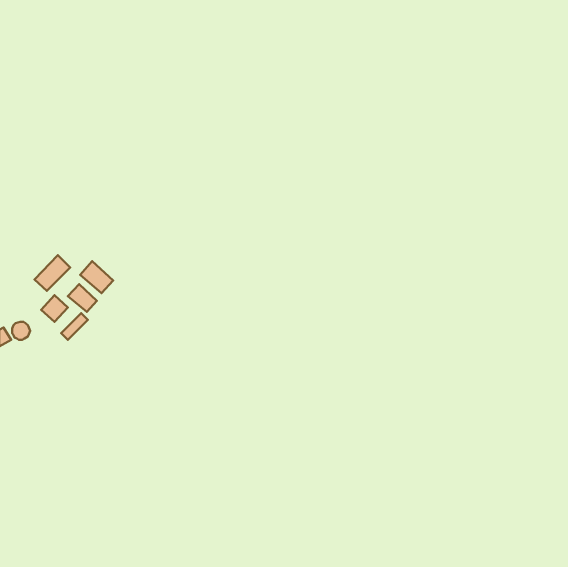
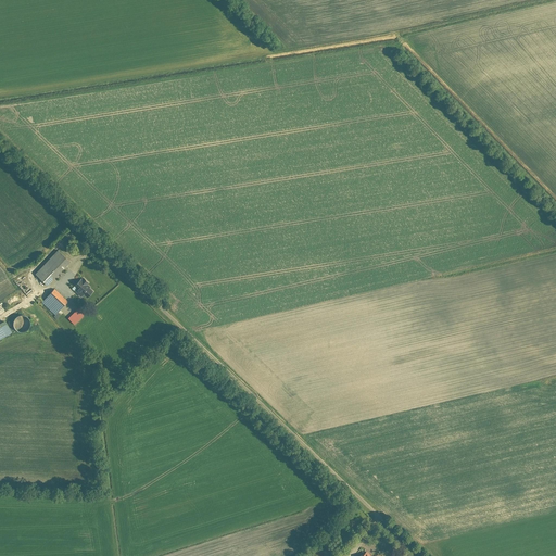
building: [80,261,113,293] -> none

